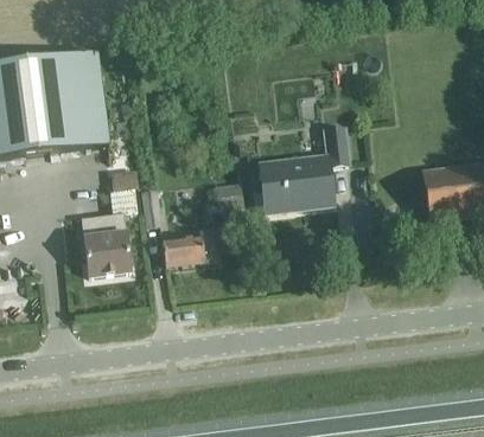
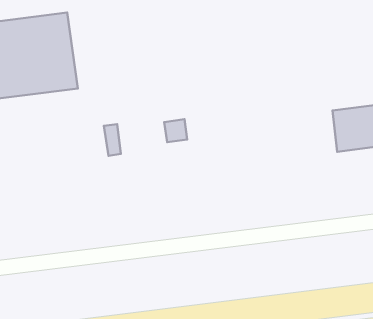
building: [259,128,346,211] -> none
building: [82,186,139,274] -> none
building: [161,227,217,263] -> none

